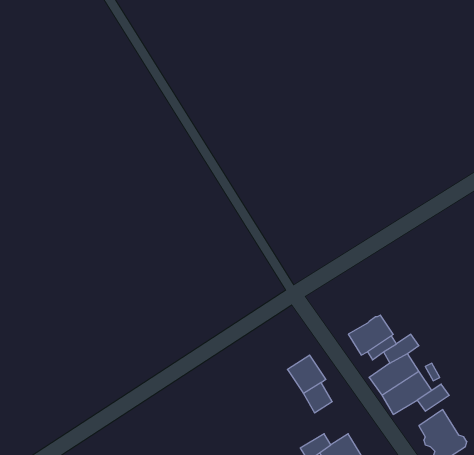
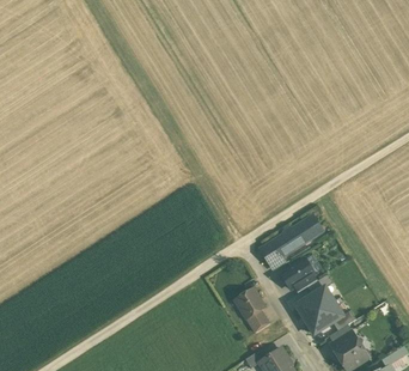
building: none -> [261,217,316,268]

